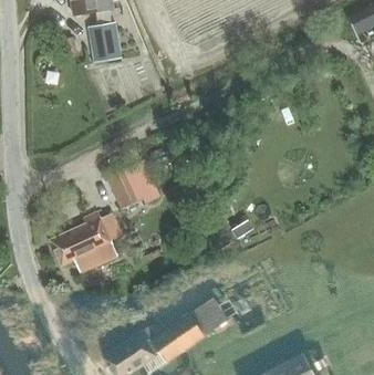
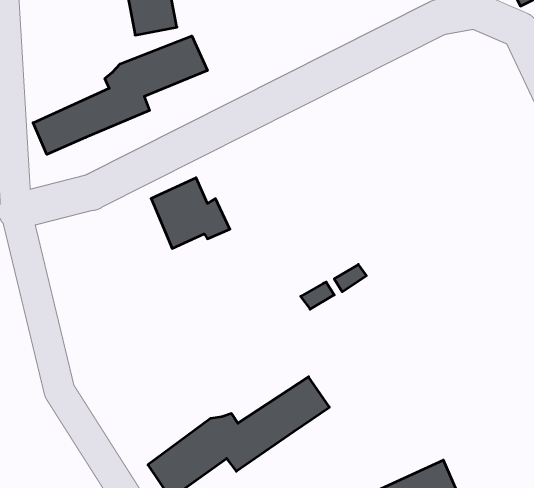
building: none -> [33,36,207,154]
building: [48,210,123,272] -> none

